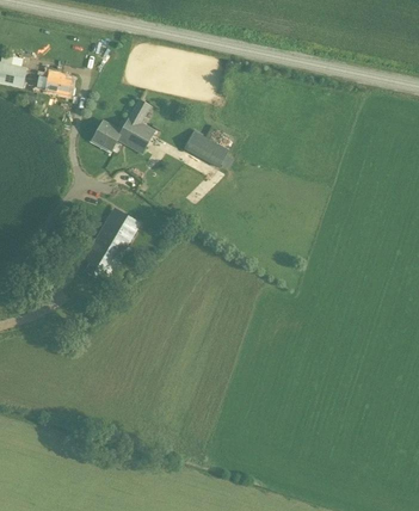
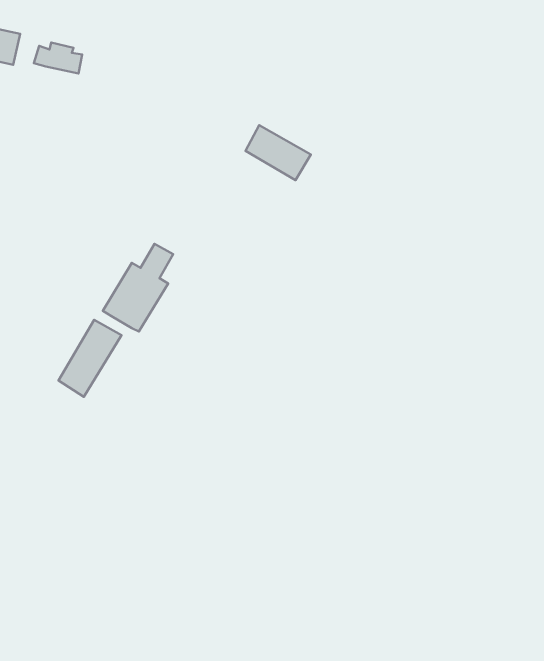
building: [92,98,155,154] -> none
building: none -> [58,320,121,397]

